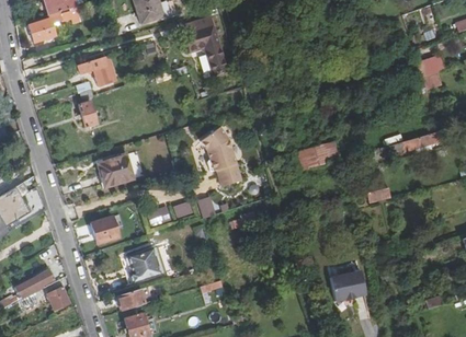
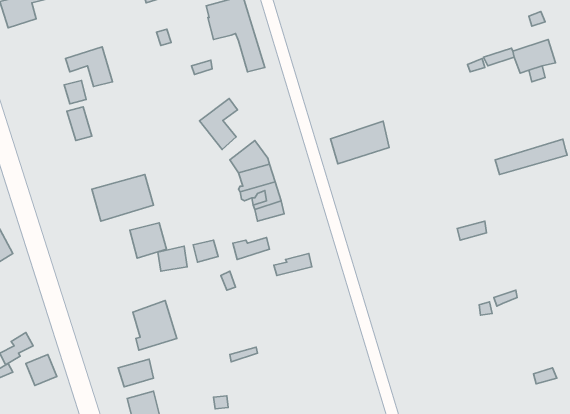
building: none -> [199,99,237,150]
building: [294,140,338,172] -> [330,121,389,164]
building: [90,218,117,244] -> [130,223,166,258]
building: [329,268,366,301] -> none

